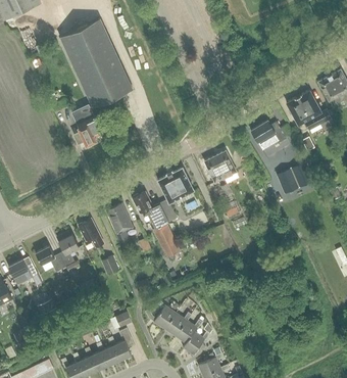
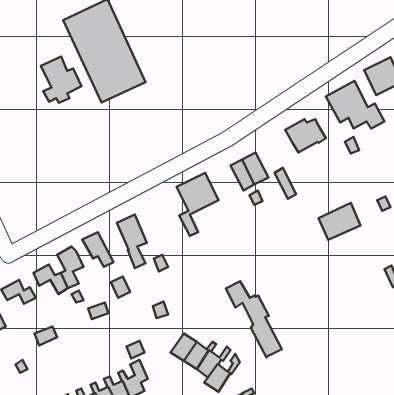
building: [71,104,106,144] -> [41,56,81,103]
building: [278,161,313,193] -> [319,203,360,240]
building: [133,192,181,257] -> [226,281,282,358]

